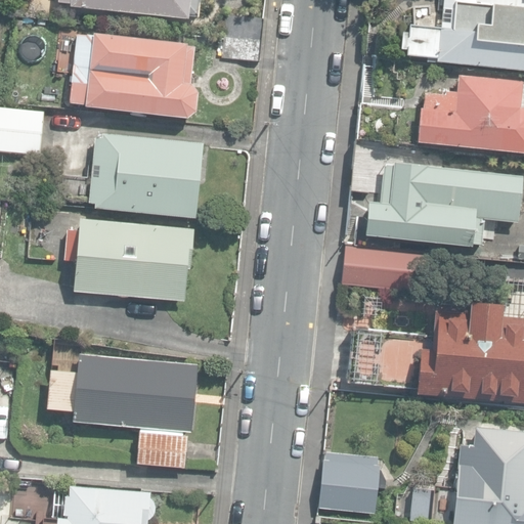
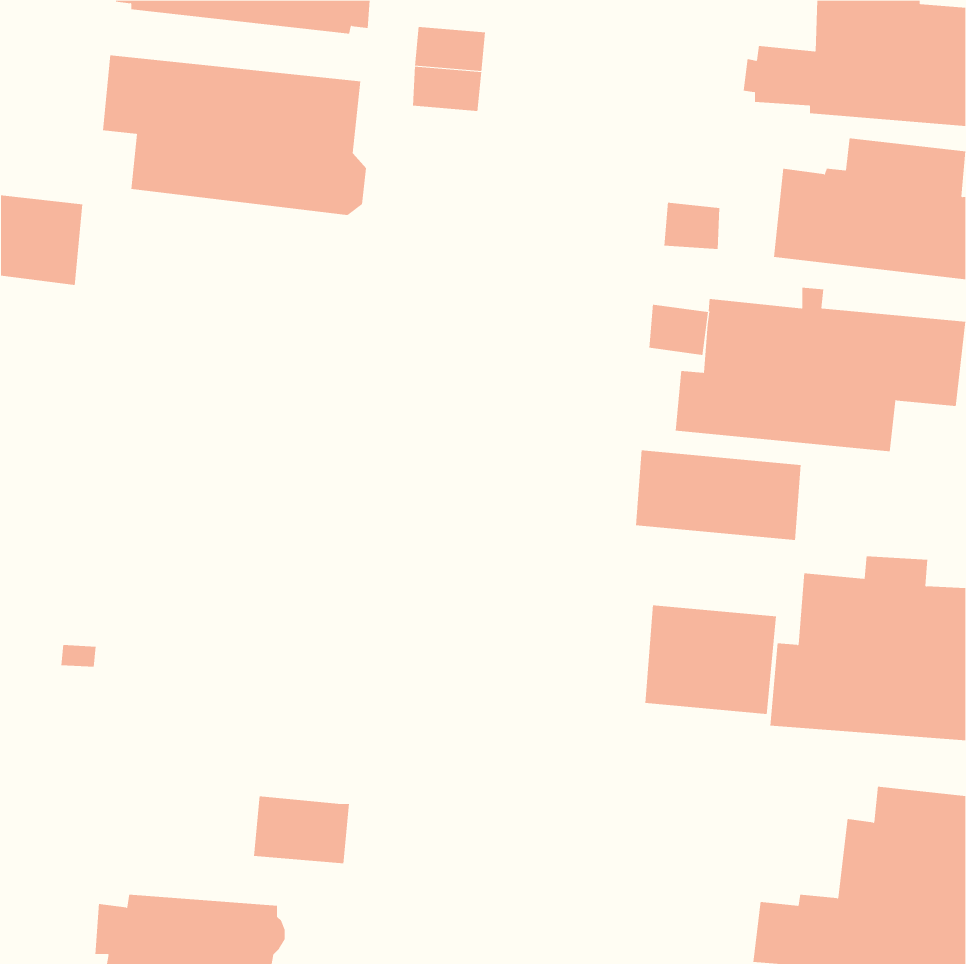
building: [90,134,205,217] -> none
building: [66,219,194,300] -> none
building: [48,354,199,433] -> none
building: [319,452,378,514] -> none

